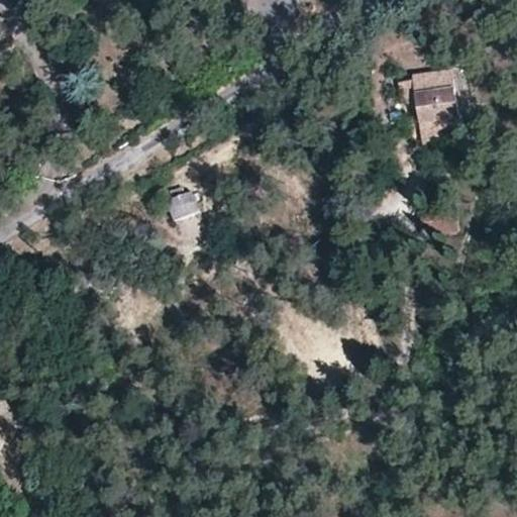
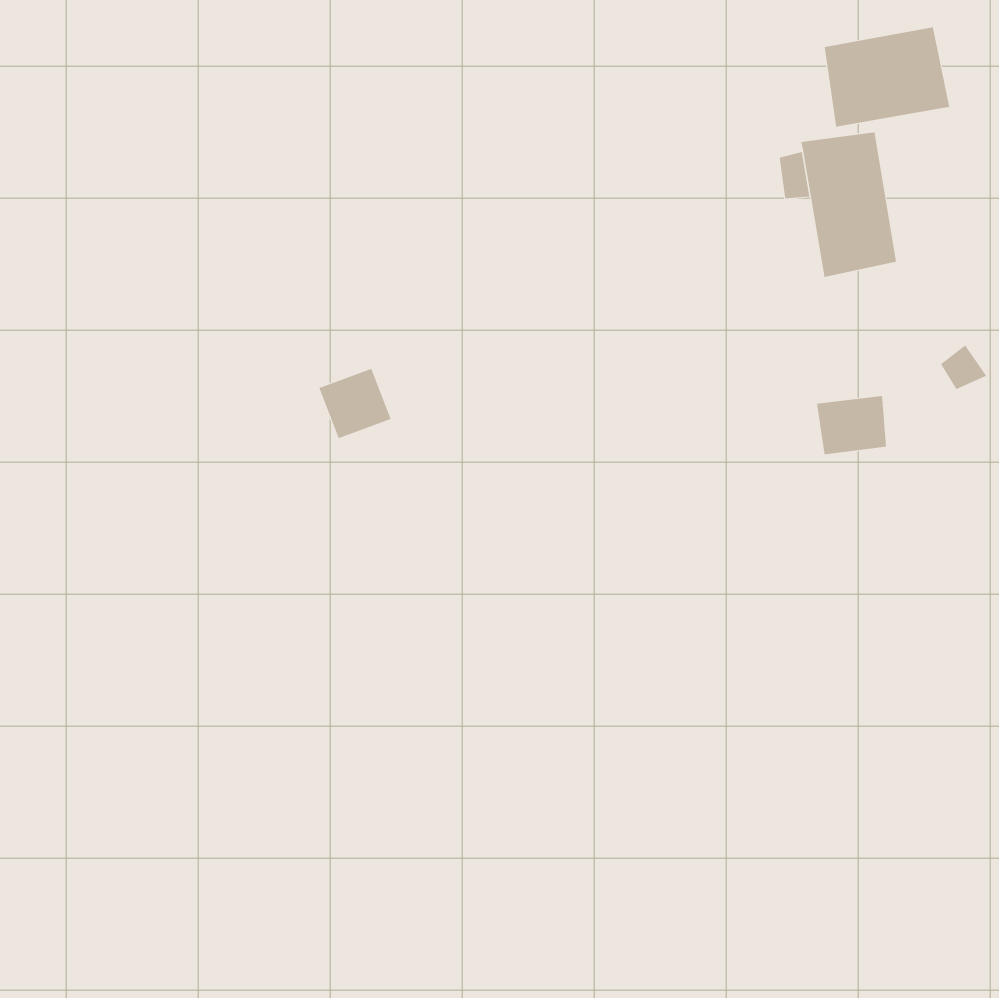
building: none -> [824,26,950,127]

